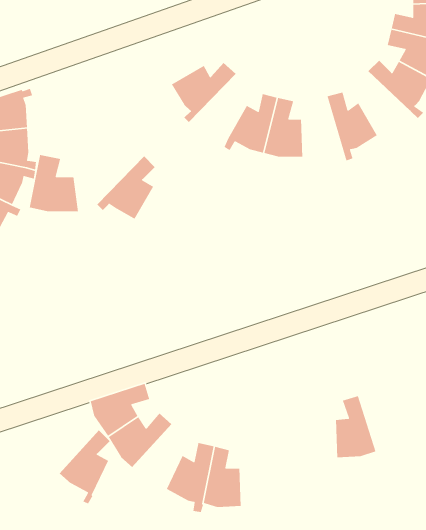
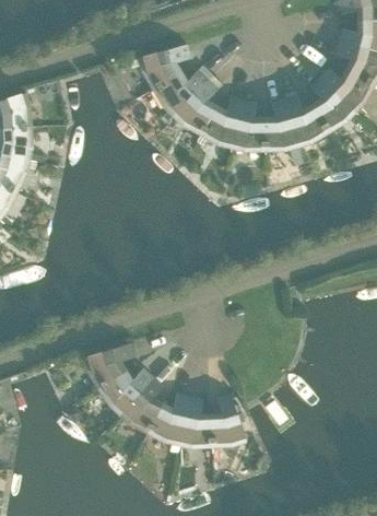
building: none -> [130,42,189,86]
building: none -> [308,75,354,130]
building: none -> [262,96,299,154]
building: [29,154,79,212] -> none
building: [96,155,156,220] -> [166,78,216,132]
building: [335,395,376,458] -> [210,391,245,445]
building: [59,430,110,504] -> [118,375,162,438]

